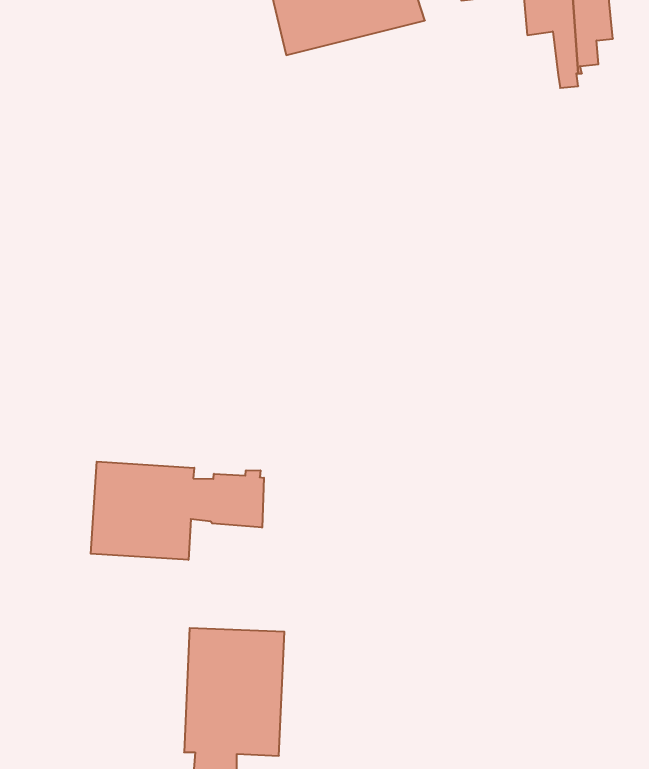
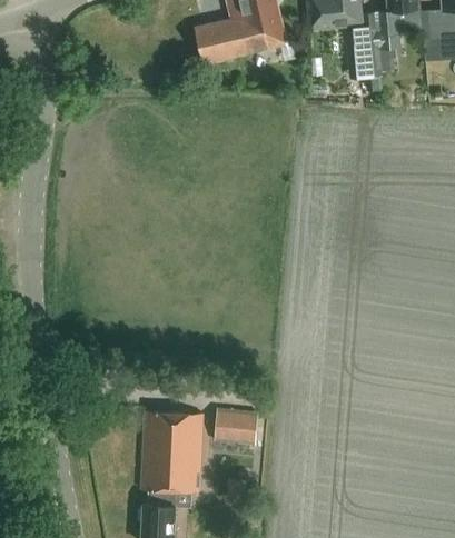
building: [91,462,264,560] -> none
building: none -> [215,408,258,444]

